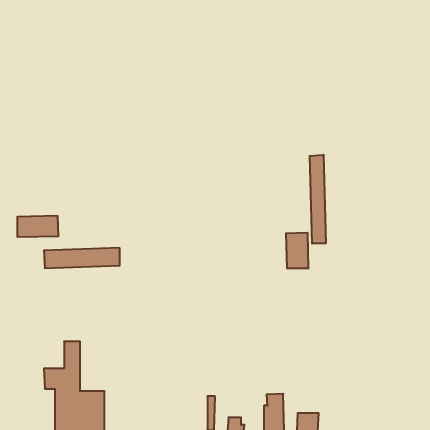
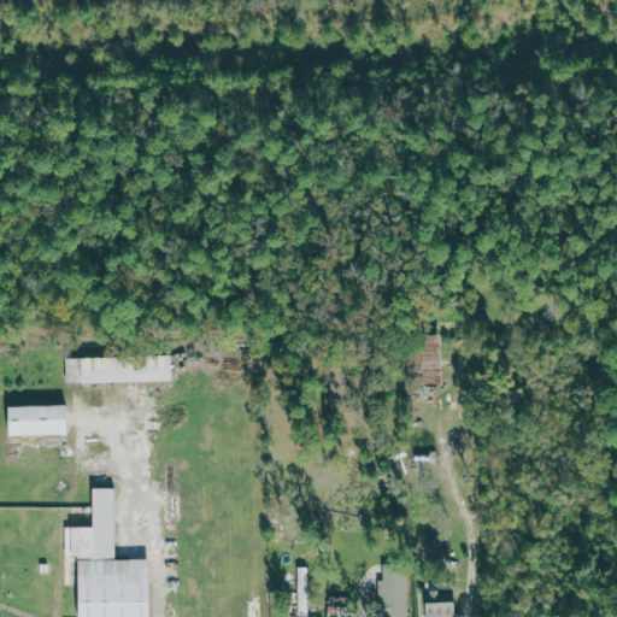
building: [310,155,326,244] -> none
building: [17,216,59,237] -> [8,406,67,436]

